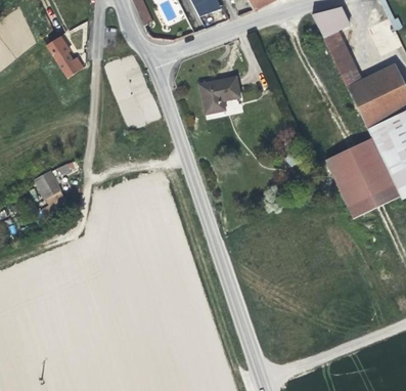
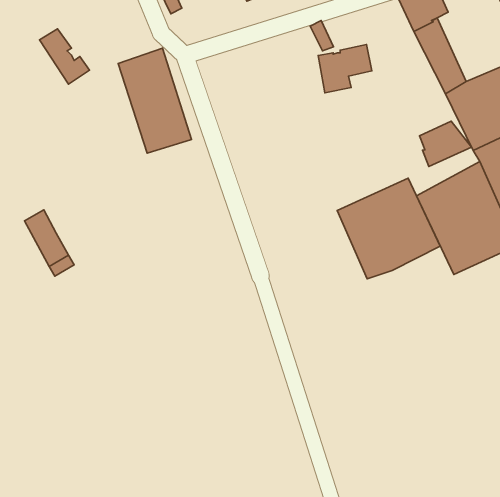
building: [199,77,239,113] -> [318,45,372,93]
building: none -> [420,121,471,166]
building: none -> [337,178,440,279]

